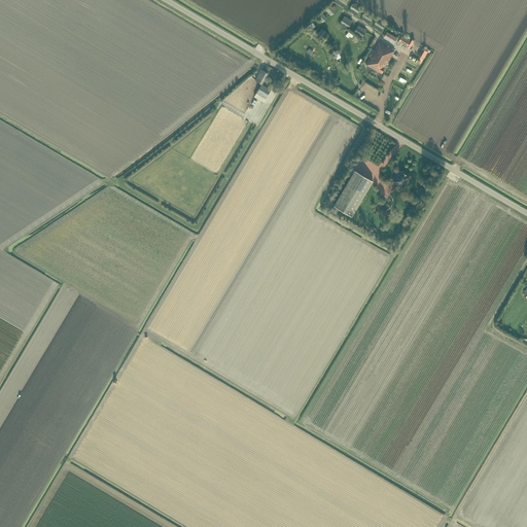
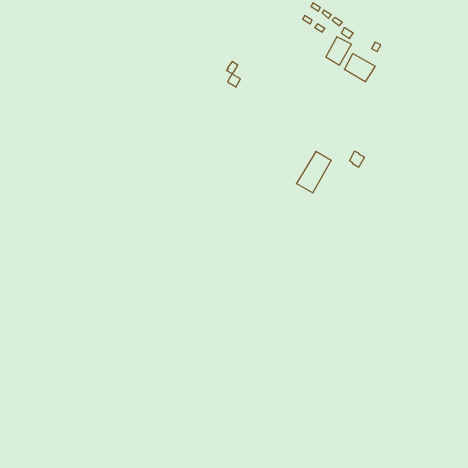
building: none -> [344,54,375,82]

